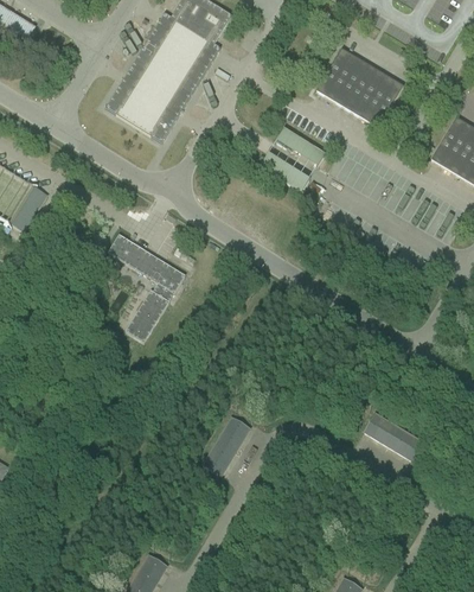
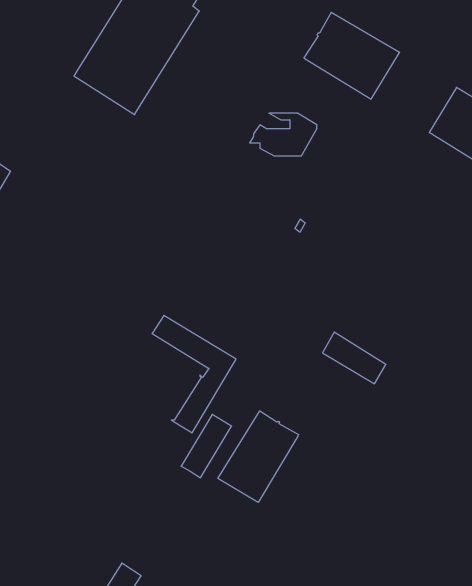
building: [107,234,184,342] -> [152,315,236,433]
building: [364,412,422,459] -> [323,332,386,384]
building: none -> [218,411,298,502]

